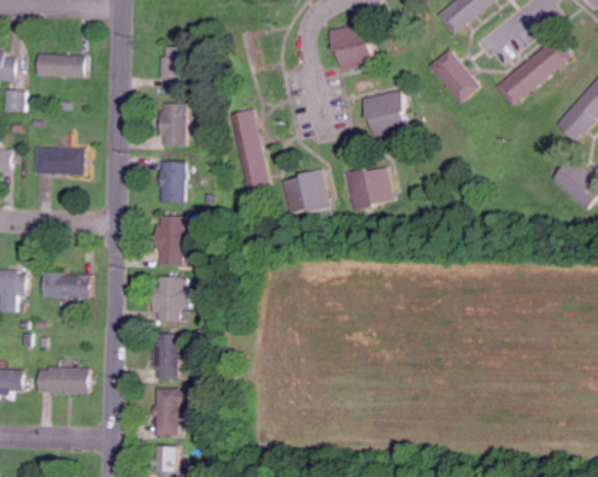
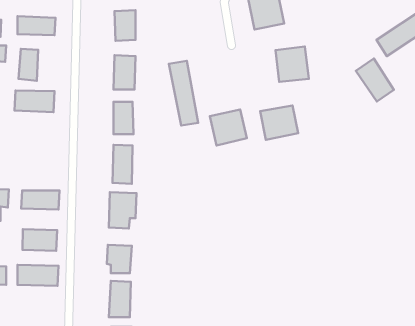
building: [428,48,476,102] -> [356,59,394,101]
building: none -> [19,49,38,81]
building: none -> [23,229,57,251]

